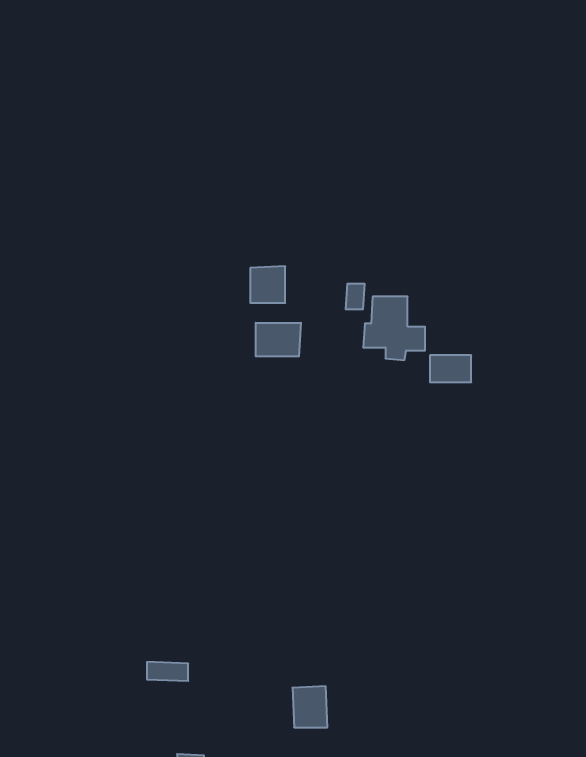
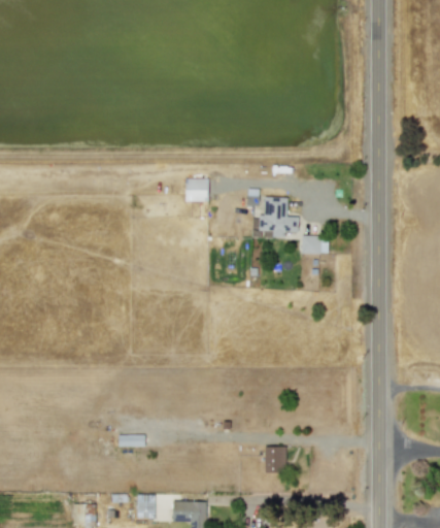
building: [256,323,301,356] -> none
building: [292,686,327,727] -> [263,446,285,472]

